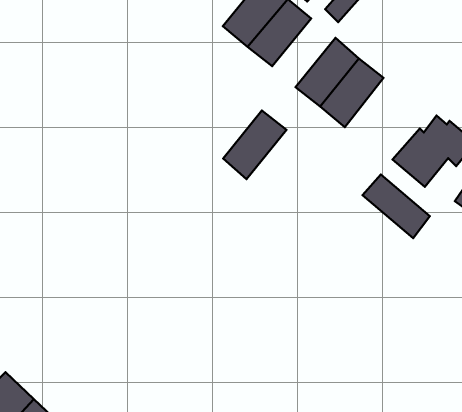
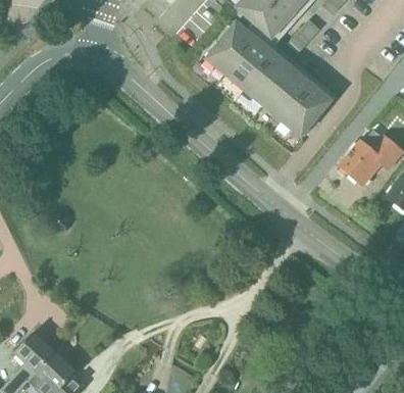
building: [223,110,287,179] -> [244,53,294,107]
building: [363,174,430,238] -> none

